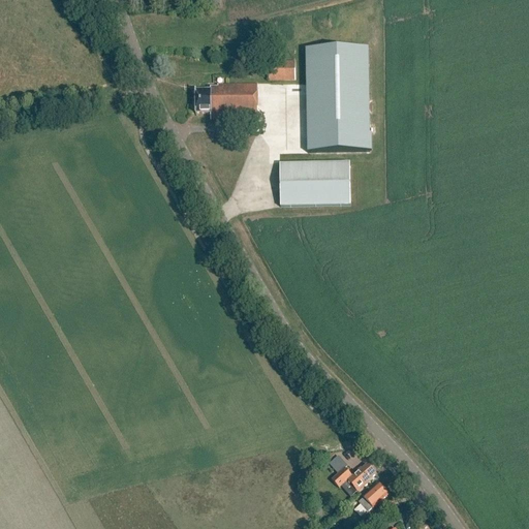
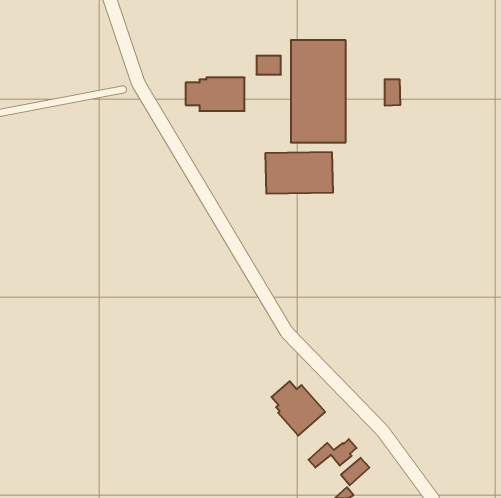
building: none -> [385,79,400,106]
building: none -> [271,381,325,436]

